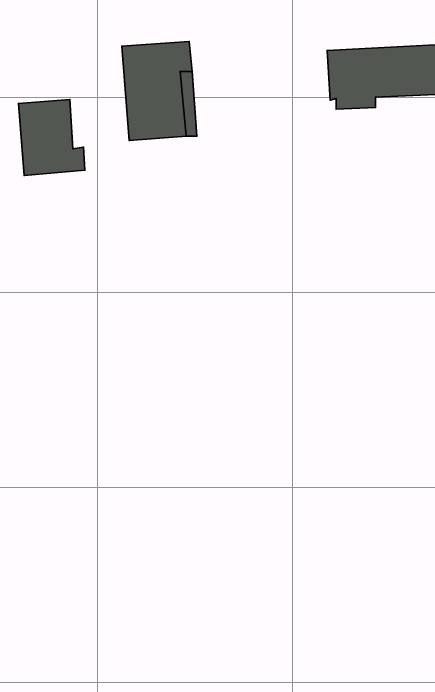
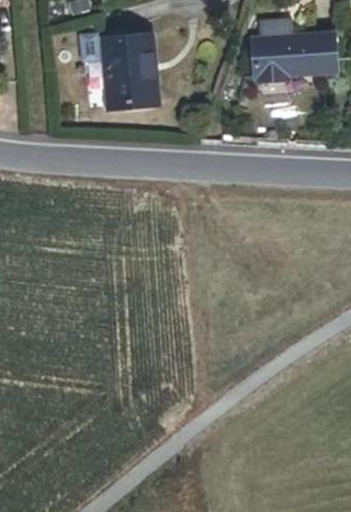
building: [18,99,85,176] -> none

